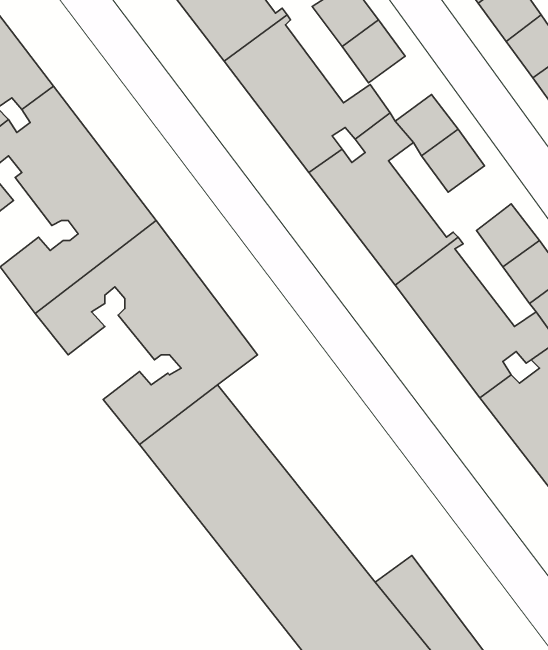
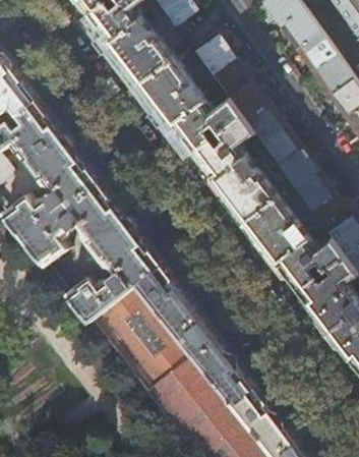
building: none -> [229,80,267,120]
building: none -> [278,148,316,187]
building: none -> [136,264,255,403]

